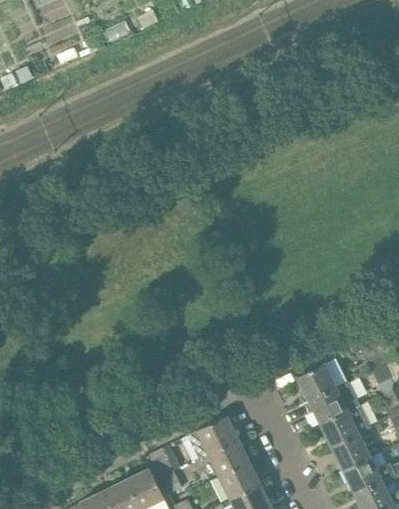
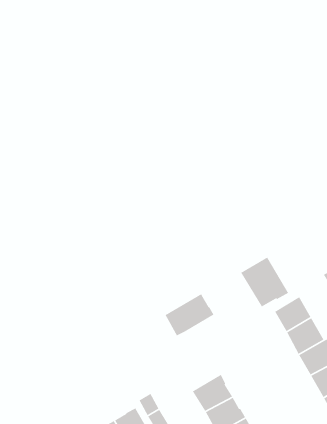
building: none -> [240,256,289,308]
building: [188,417,239,460] -> [165,293,214,337]

